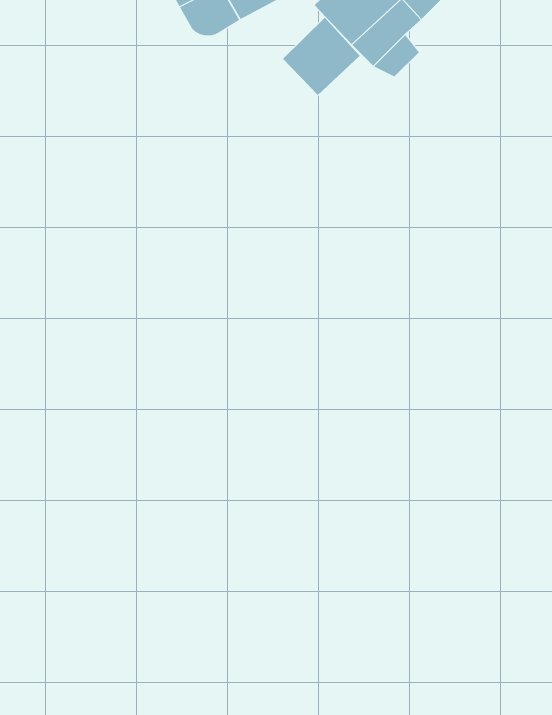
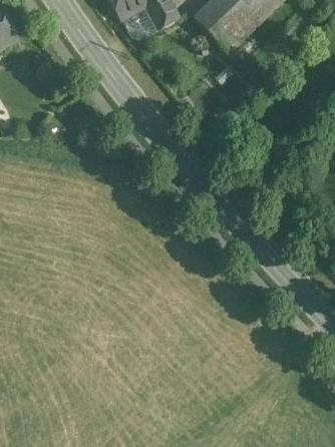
building: [282,17,360,96] -> none

